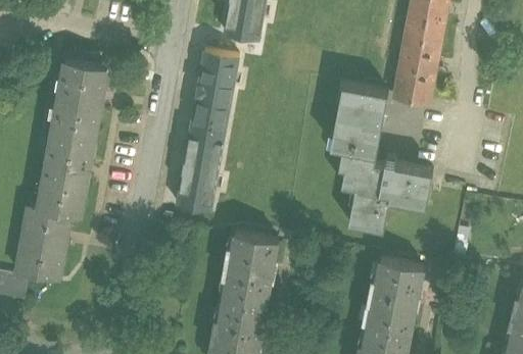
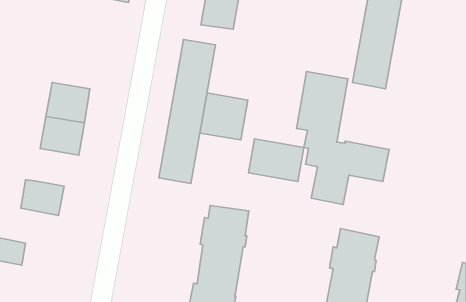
building: [58,60,107,104] -> none
building: none -> [200,93,248,140]
building: none -> [249,139,304,181]
building: [39,170,88,214] -> none
building: [17,237,65,277] -> none

